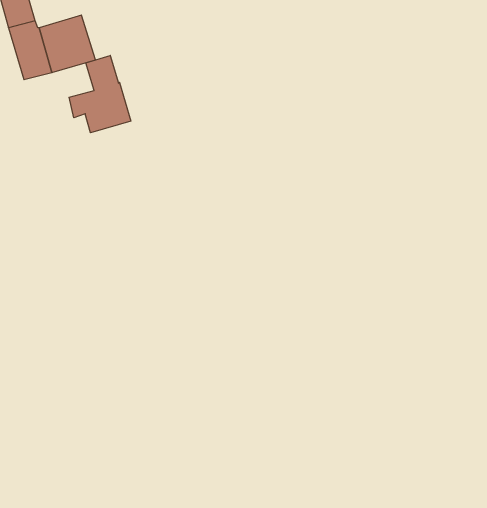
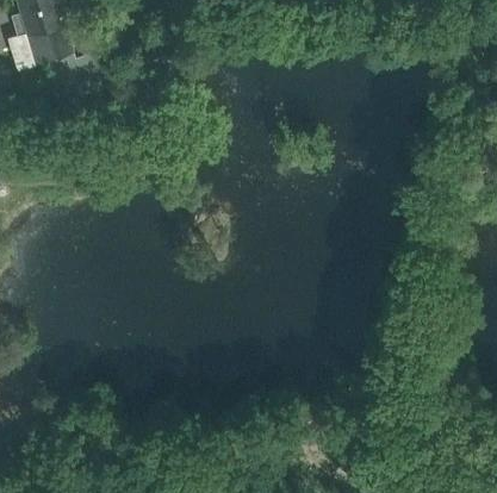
building: [69,55,131,133] -> none

